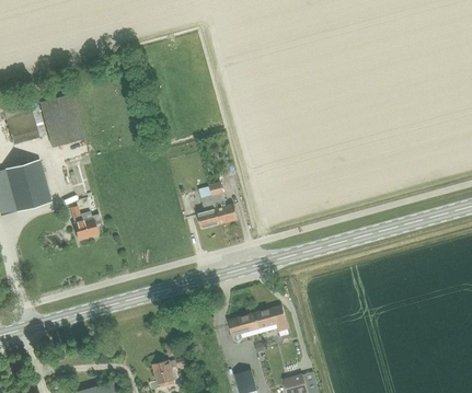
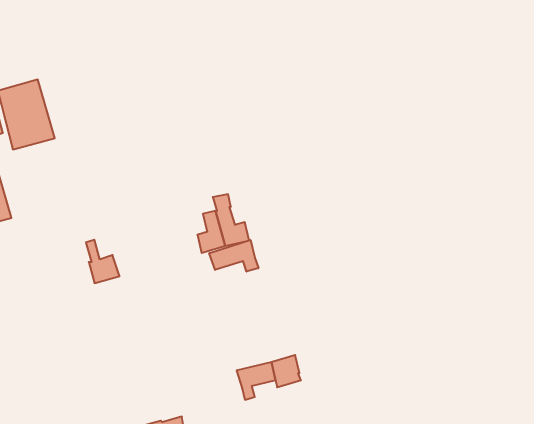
building: [69,206,95,240] -> [86,240,120,283]
building: none -> [209,240,258,272]

